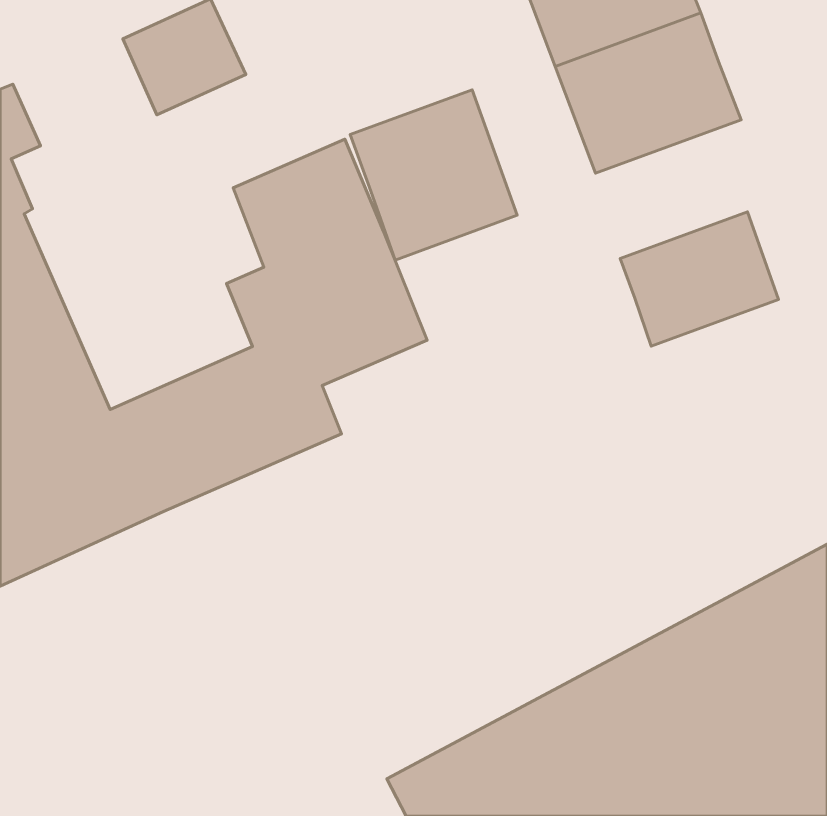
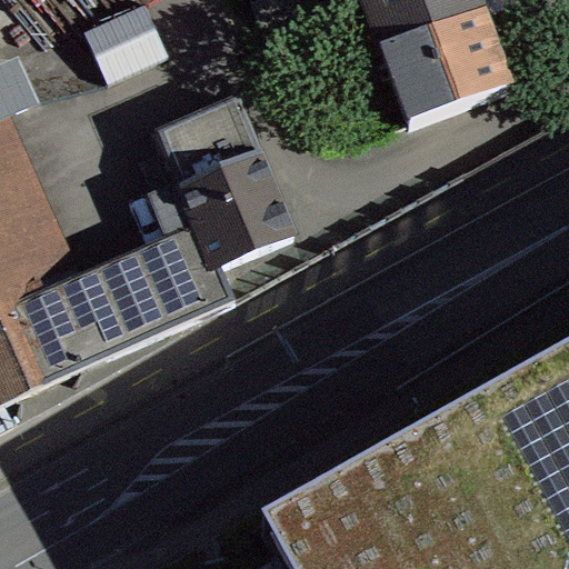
building: [350,90,517,260] -> none
building: [620,212,779,346] -> none

